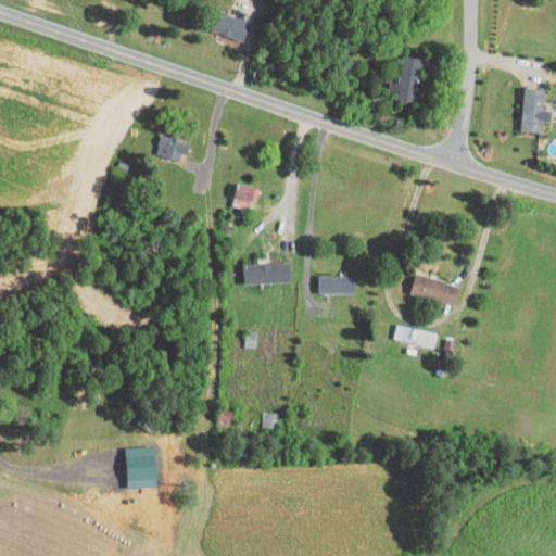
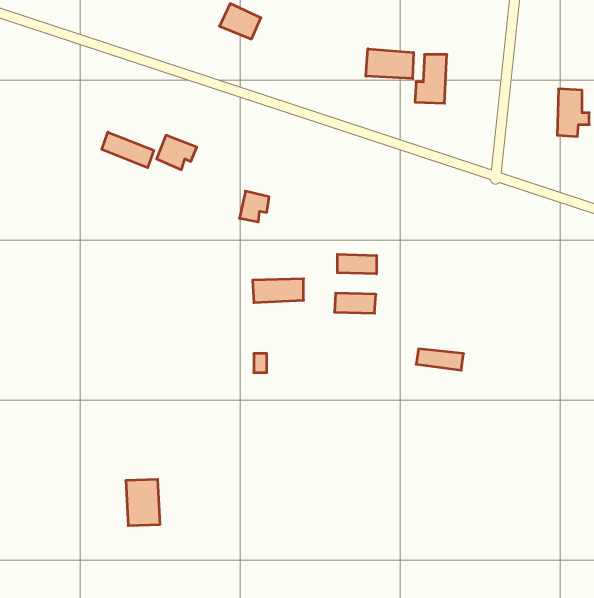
building: none -> [366,49,413,79]
building: none -> [102,132,154,168]
building: none -> [337,254,376,274]
building: [410,274,462,306] -> none

